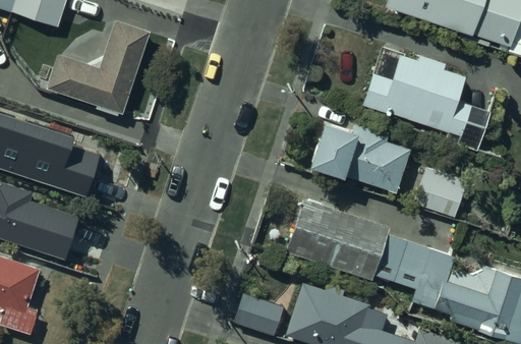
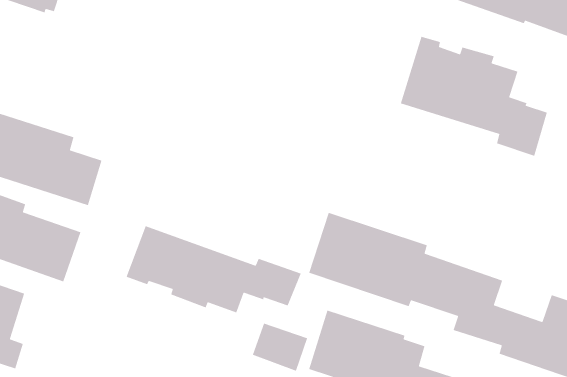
building: [46,20,149,116] -> none
building: [299,123,410,192] -> none
building: [415,168,471,218] -> none
building: none -> [126,225,302,313]

